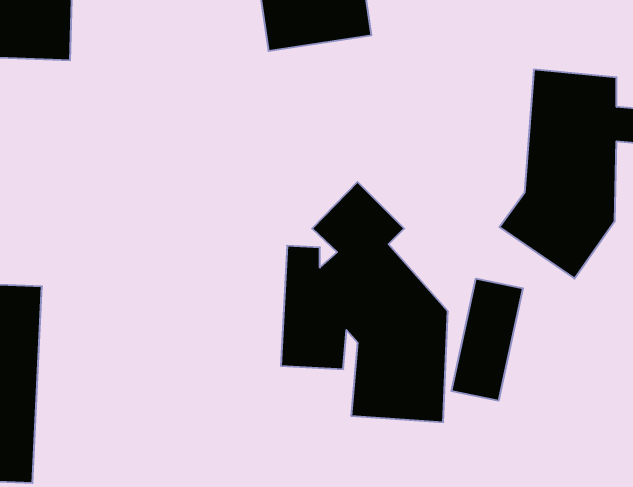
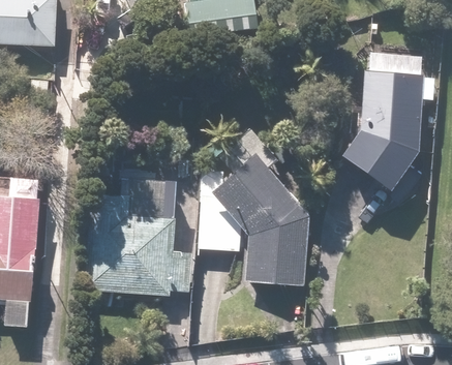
building: none -> [86,176,190,293]
building: [451,279,523,401] -> none

